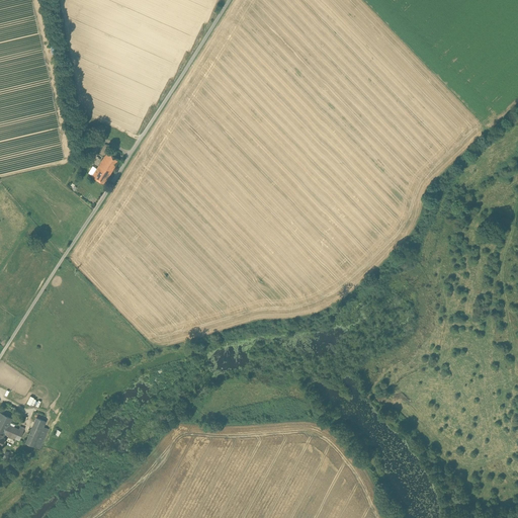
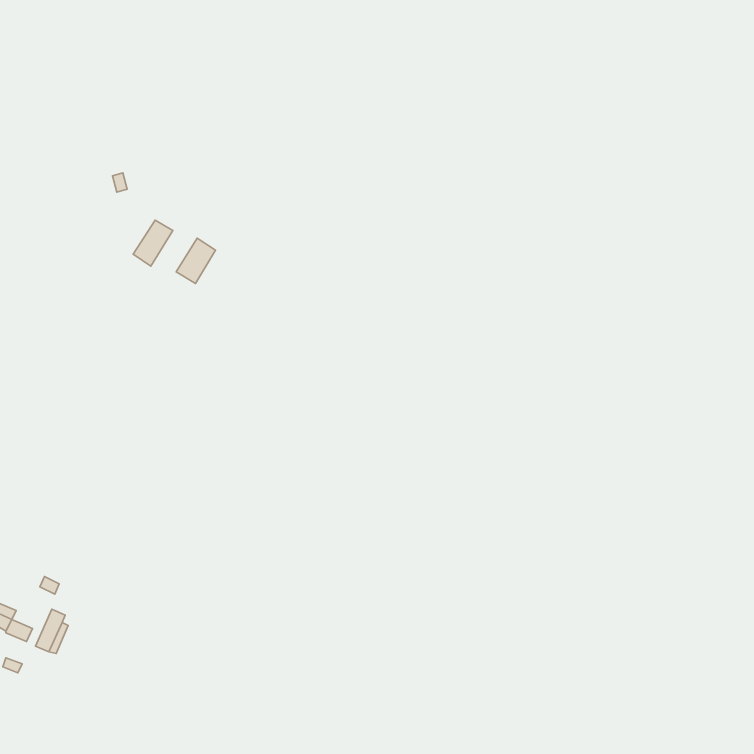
building: none -> [176,238,215,283]

